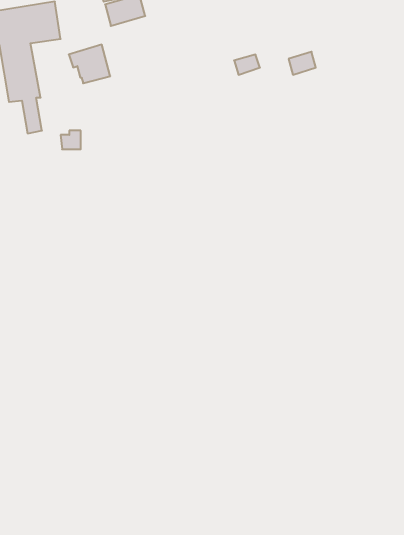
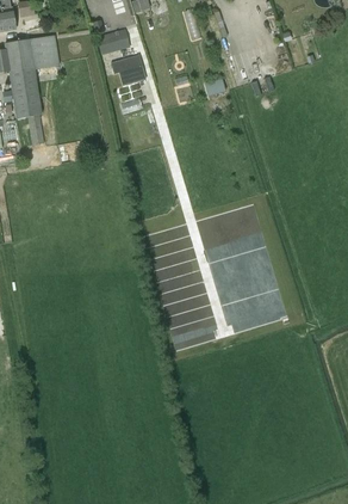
building: [69,45,110,83] -> [111,53,145,85]

